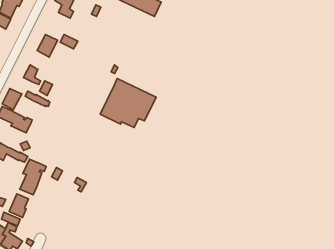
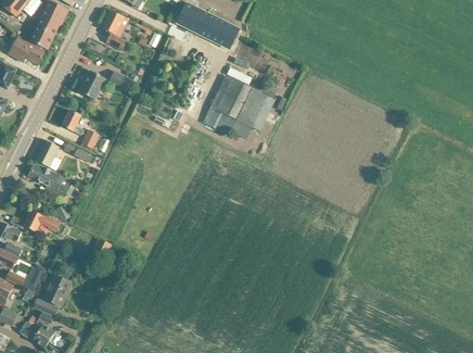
building: [100,79,156,128] -> [203,75,274,138]
building: [20,159,46,195] -> none

